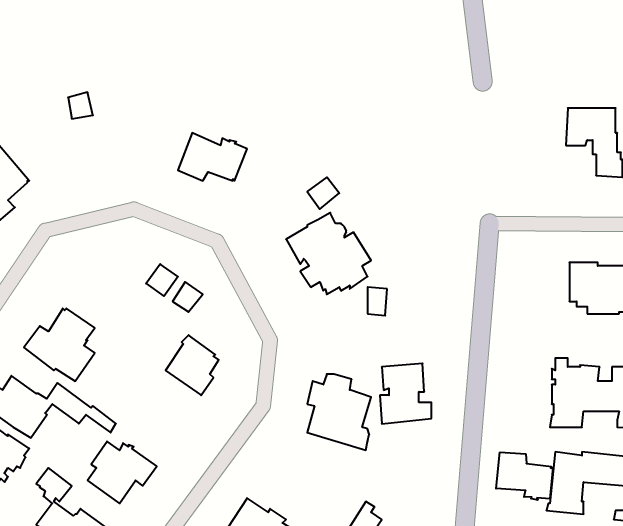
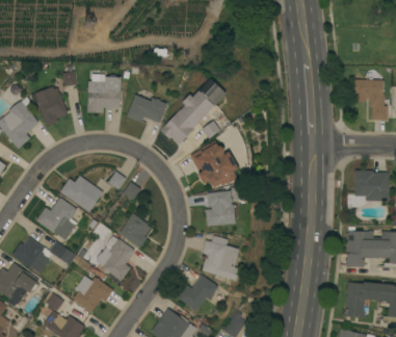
building: none -> [86,75,121,113]
building: none -> [159,78,227,145]
building: none -> [34,87,65,127]
building: none -> [59,176,103,212]
building: [380,363,431,424] -> [206,191,236,227]
building: none -> [96,236,134,281]
building: none -> [177,275,218,312]
building: [496,452,553,500] -> none

